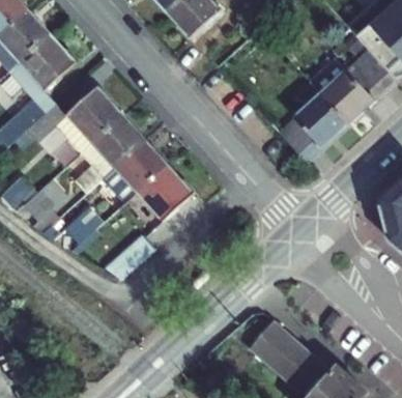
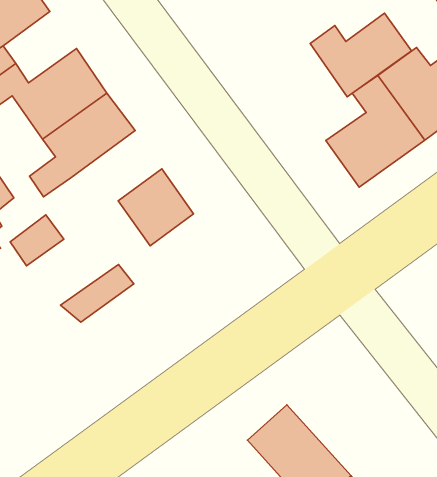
building: none -> [310,13,411,97]
building: [104,140,167,209] -> none

